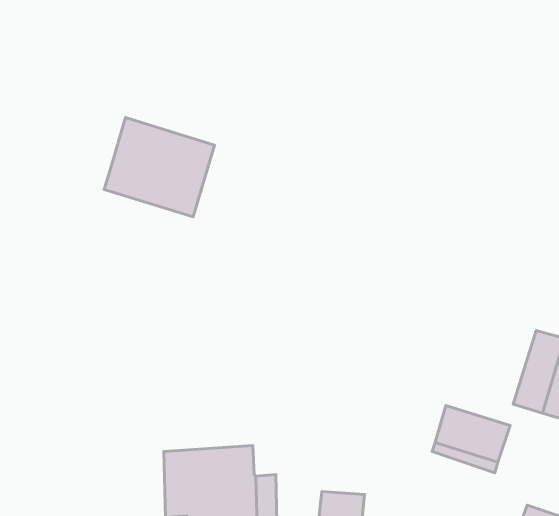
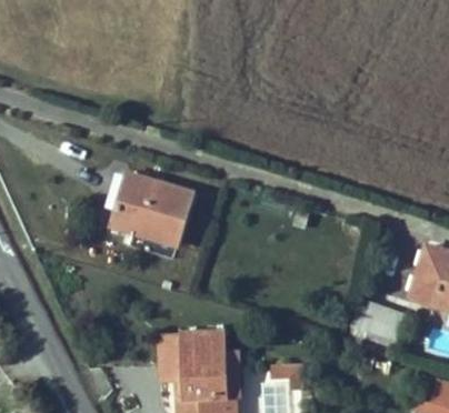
building: [104,117,214,217] -> [112,174,192,246]

